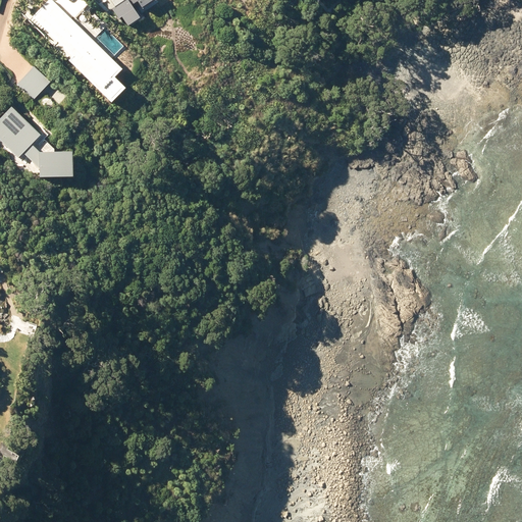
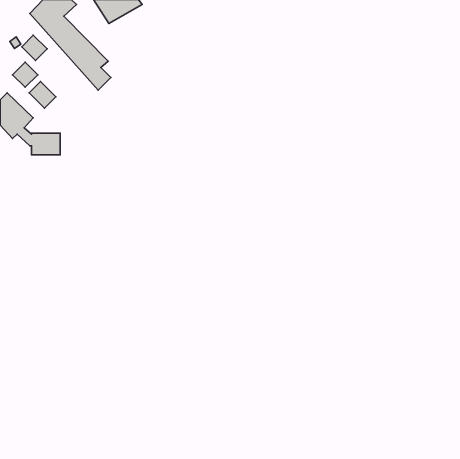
building: none -> [22,35,47,60]
building: none -> [29,82,56,108]

